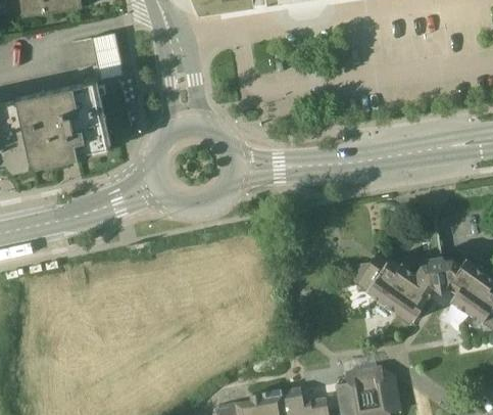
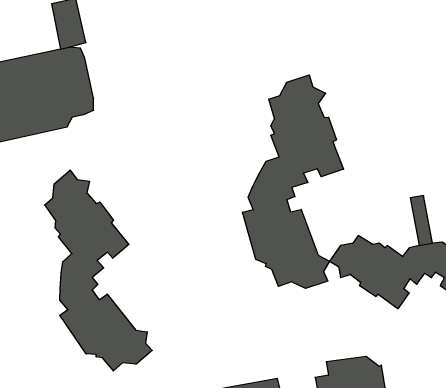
building: none -> [242,75,344,288]
building: none -> [45,170,152,371]

